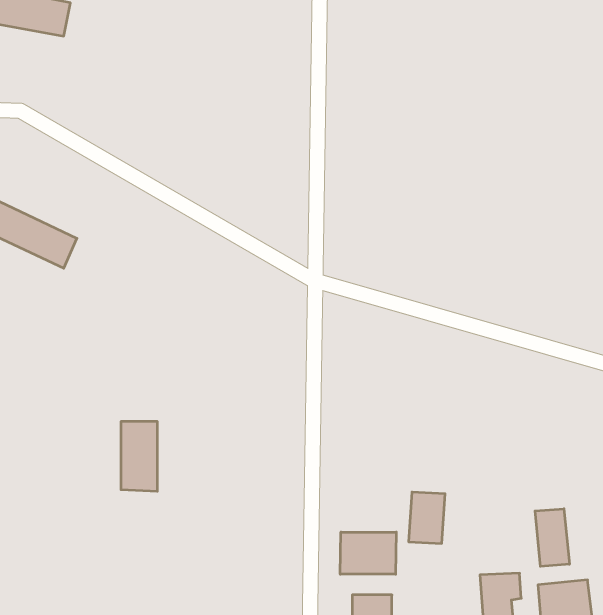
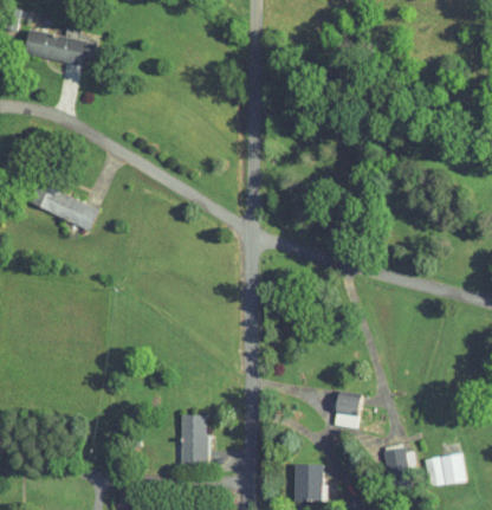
building: [121,422,157,491] -> [181,415,207,465]
building: [535,509,569,566] -> none
building: [340,532,396,574] -> none

